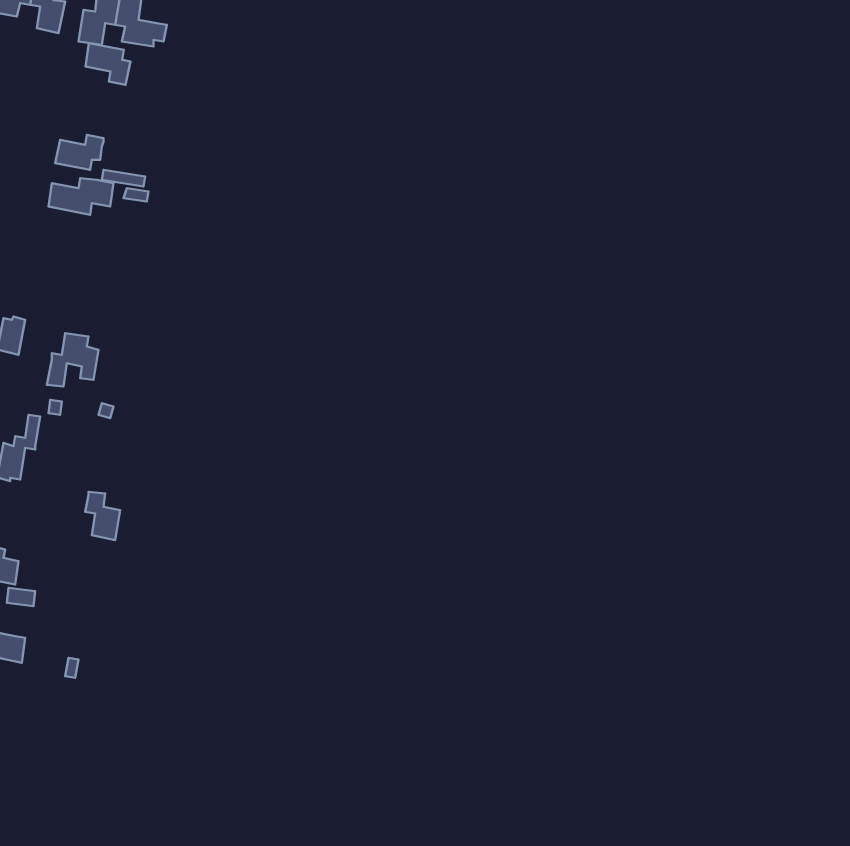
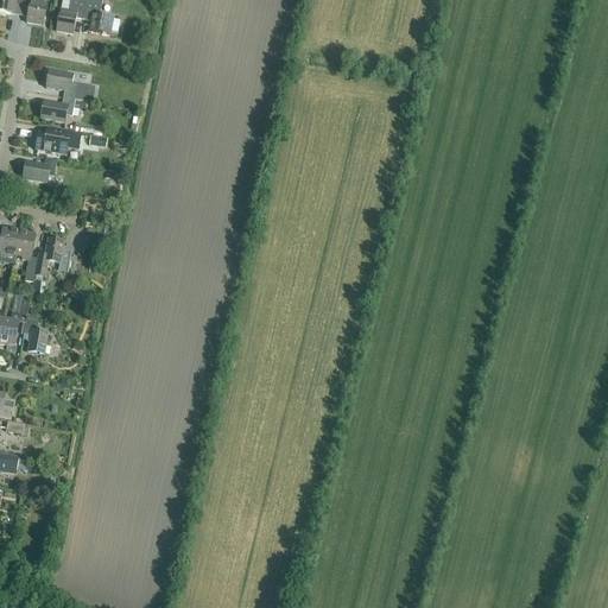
building: [86,43,131,85] -> [45,69,77,99]
building: none -> [21,157,56,182]
building: none -> [13,228,37,280]
building: [85,492,120,540] -> [23,318,48,353]

